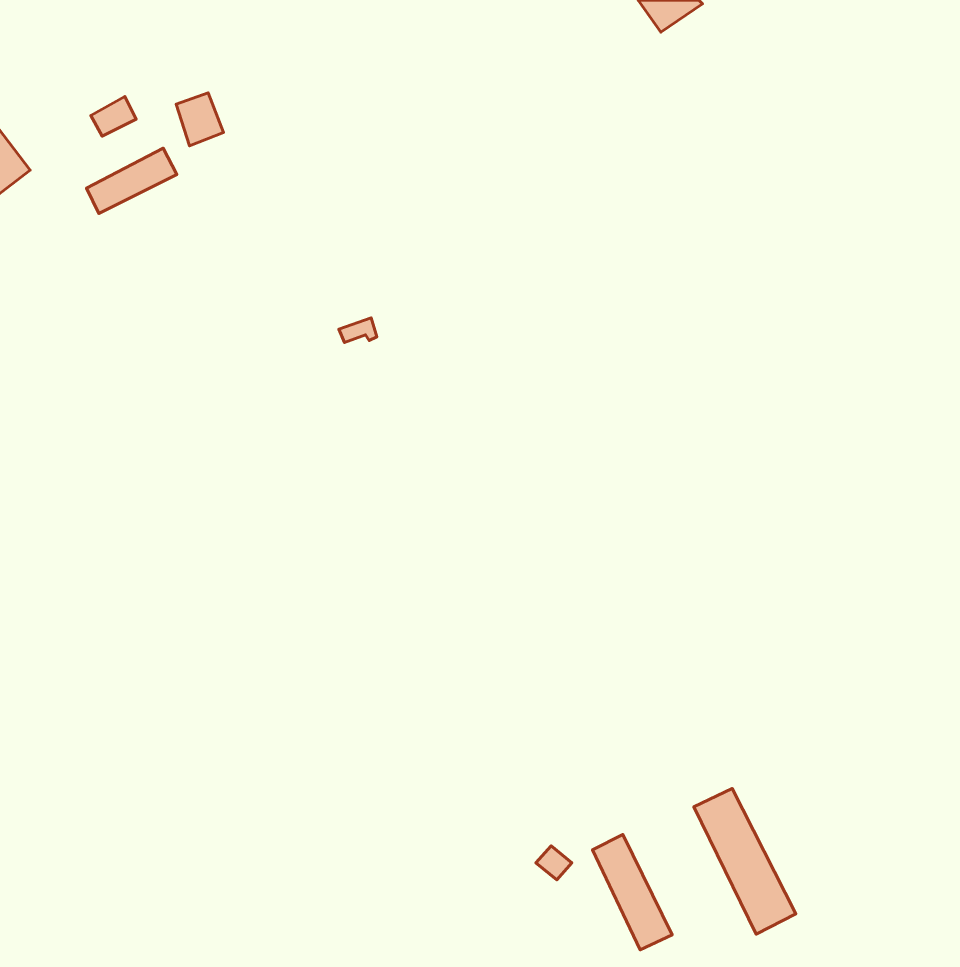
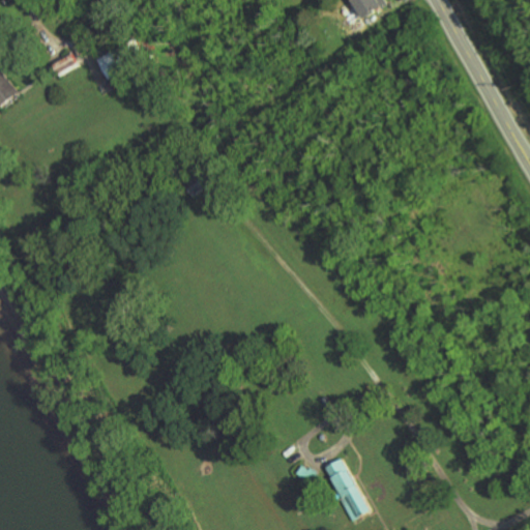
building: [86,148,177,213] -> none
building: [694,788,796,934] -> none

